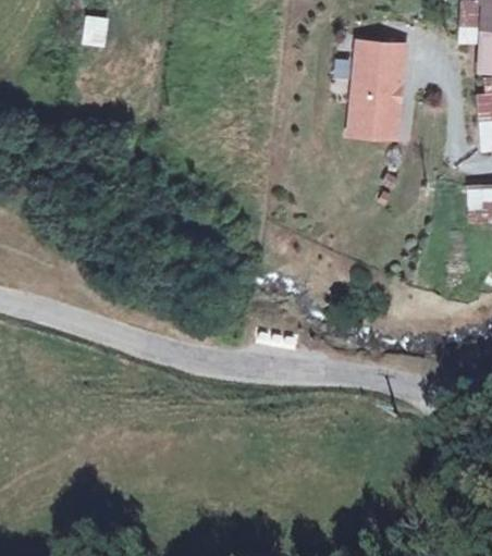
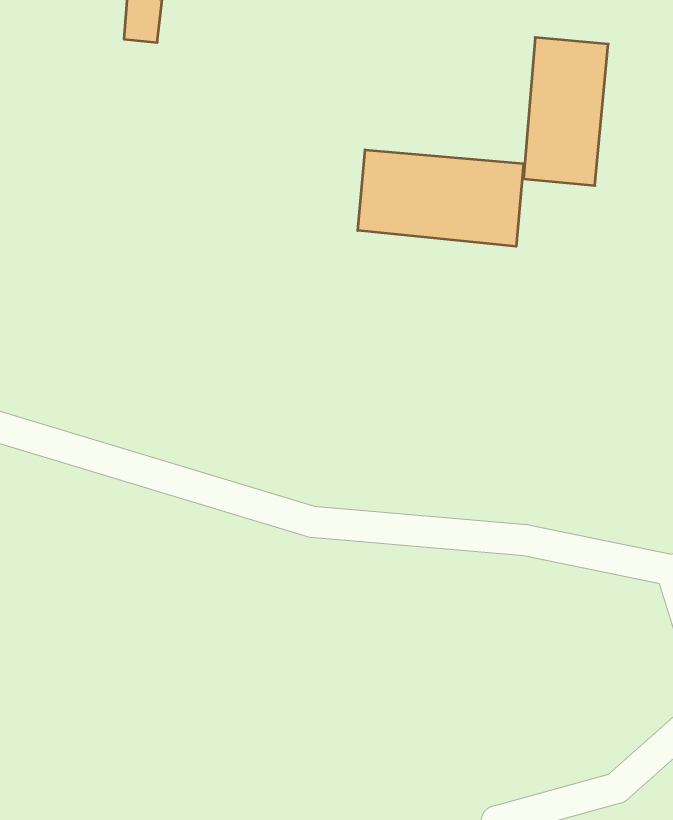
building: none -> [358,150,524,246]

